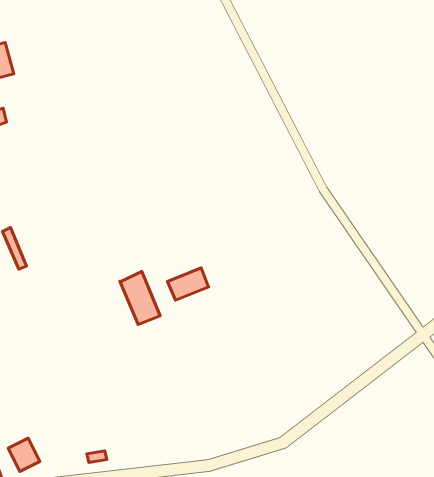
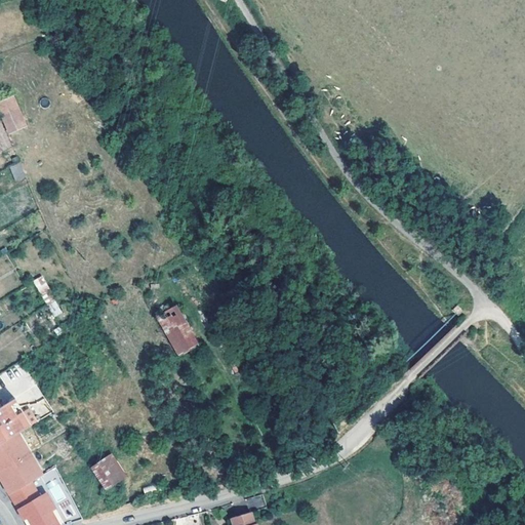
building: [167,268,209,300] -> none
building: [8,438,40,472] -> [91,455,124,489]

